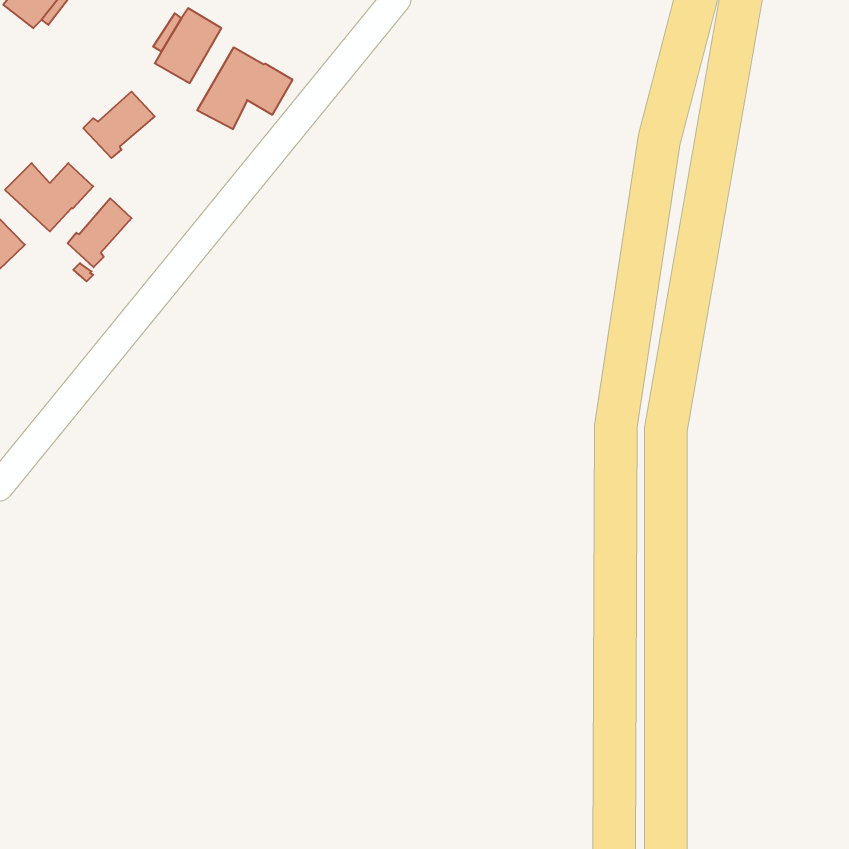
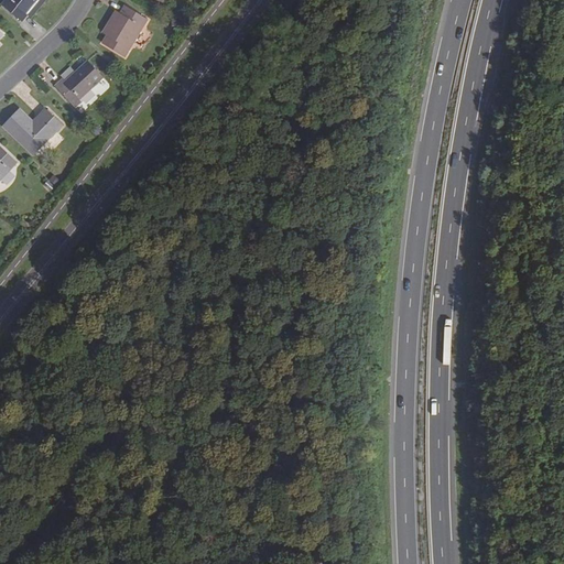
building: [197,47,292,129] -> none
building: [68,198,132,267] -> none

